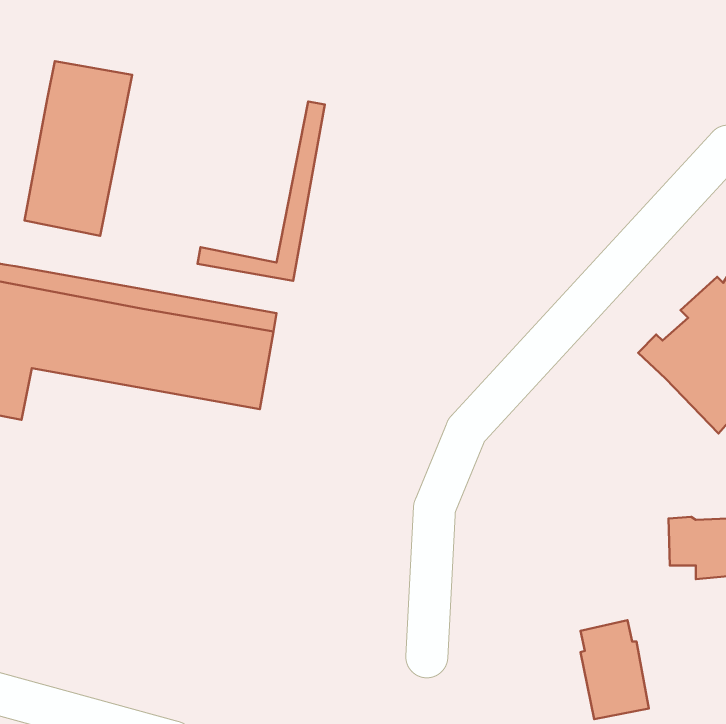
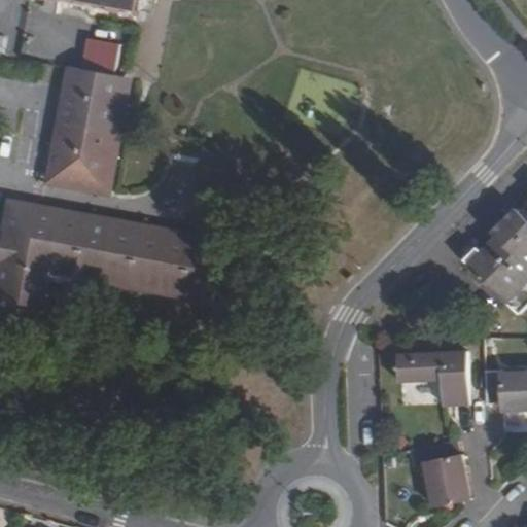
building: none -> [81,35,120,67]
building: [197,101,325,281] -> [43,72,130,194]
building: none -> [396,354,467,406]

